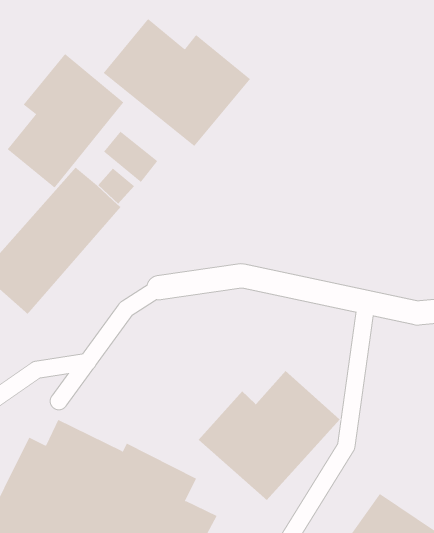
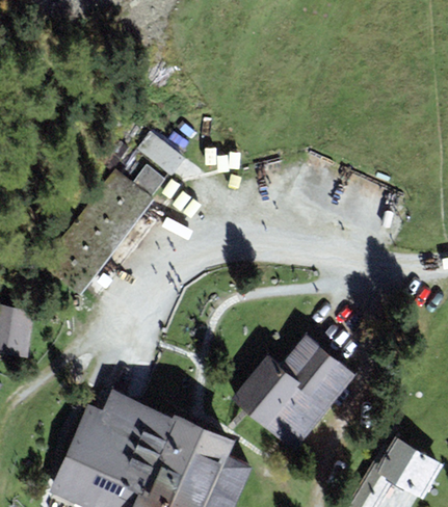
building: [103,18,251,147] -> none
building: [7,53,124,188] -> none

